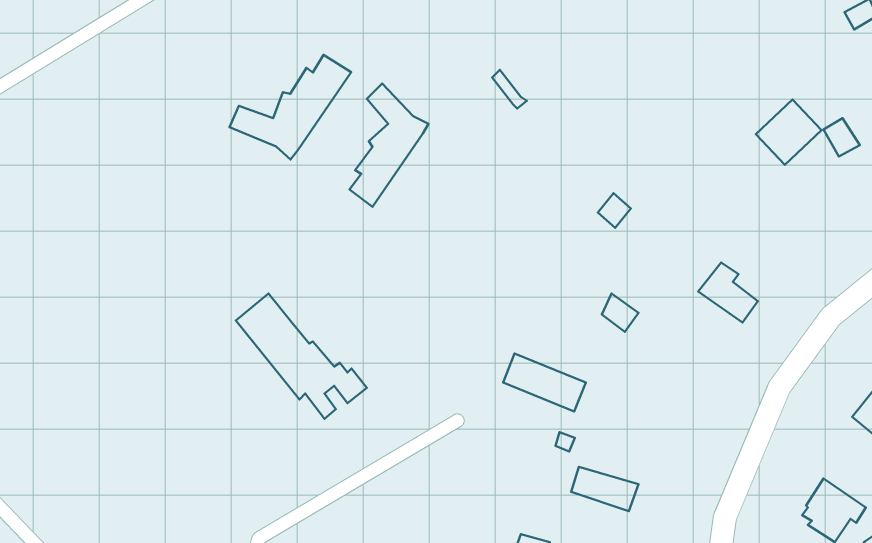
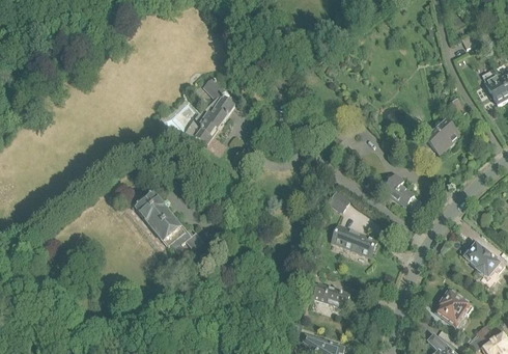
building: [230,55,351,159] -> none
building: [756,99,821,165] -> [423,119,458,155]
building: [503,354,586,411] -> [331,224,375,255]

